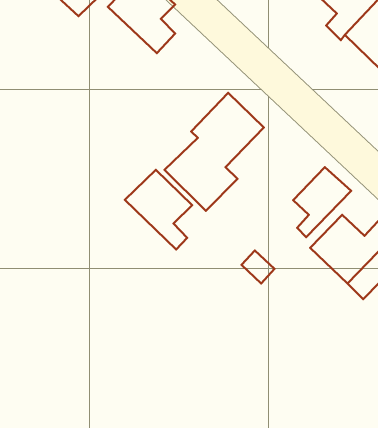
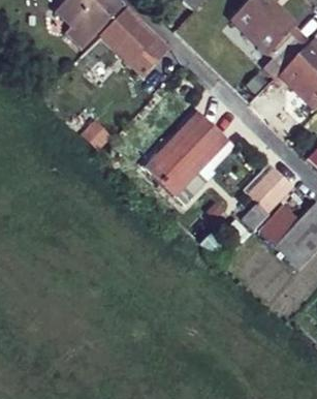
building: [125,170,192,249] -> none

